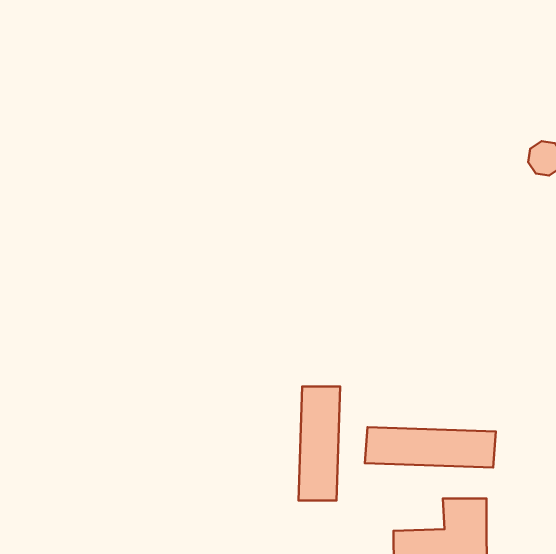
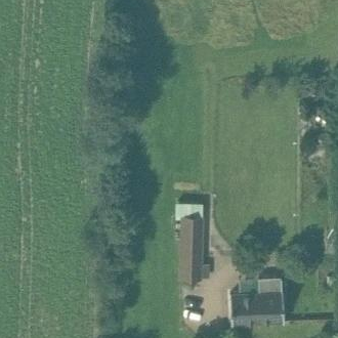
building: [365,427,496,467] -> none

